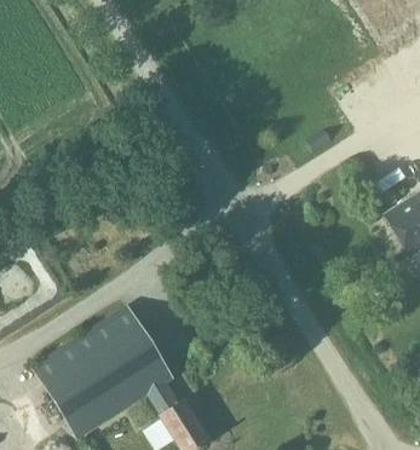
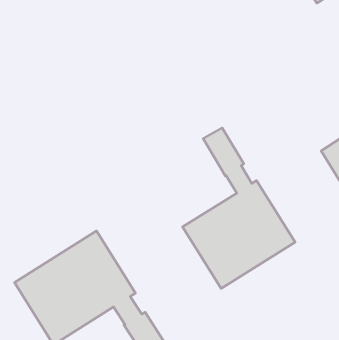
building: none -> [183,128,295,288]

